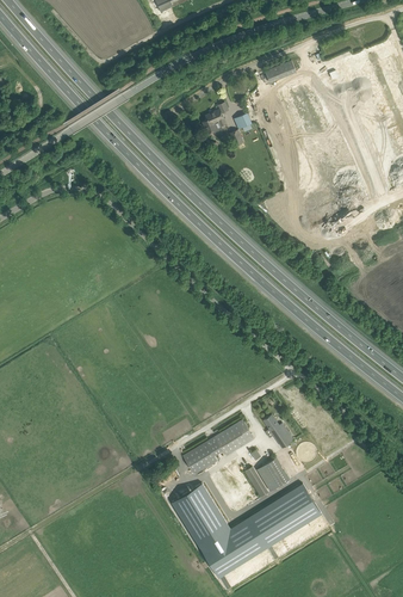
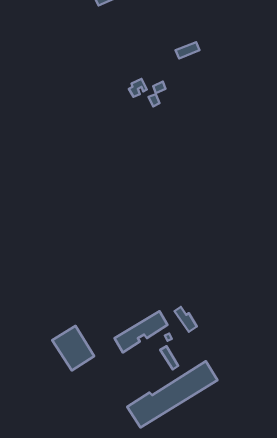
building: [255,457,289,491] -> none
building: [170,482,227,542] -> [52,326,94,370]

